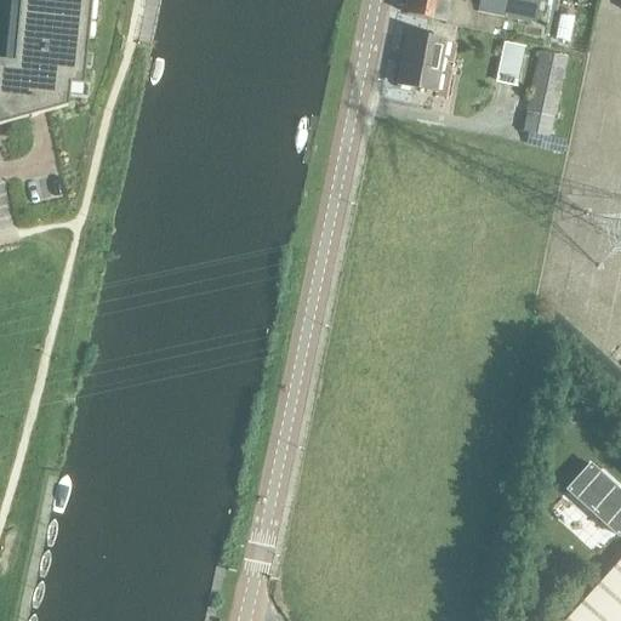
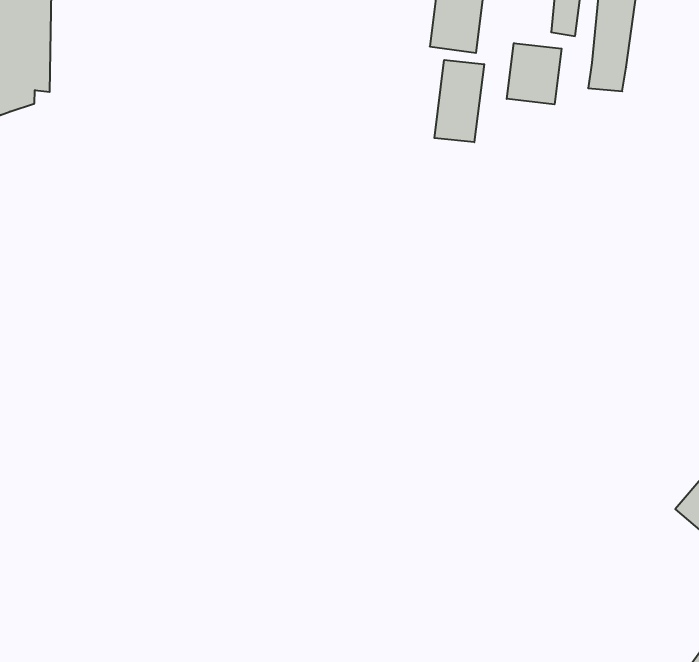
building: none -> [507,43,562,104]
building: none -> [434,60,484,142]

